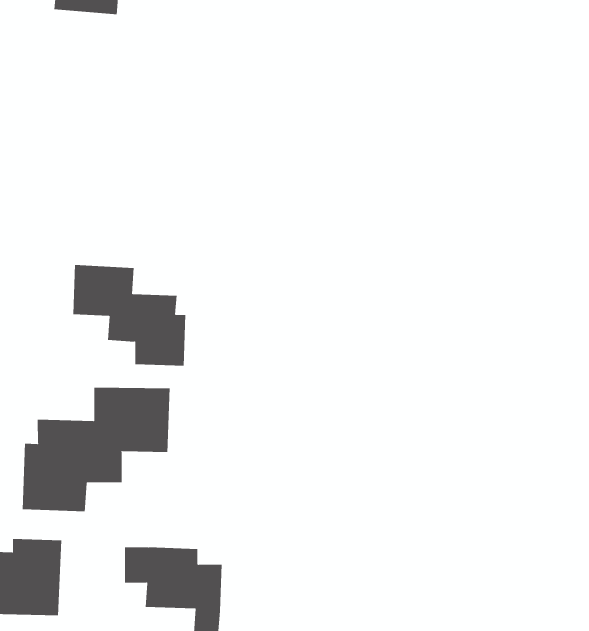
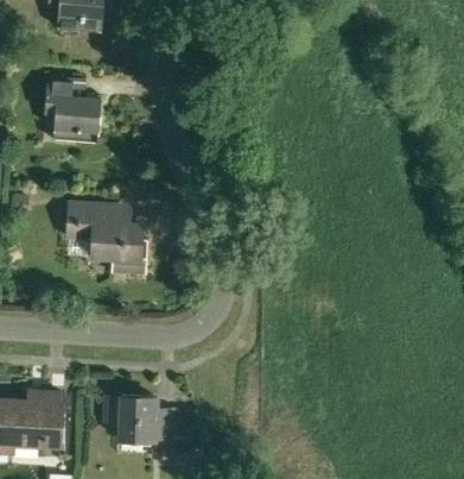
building: none -> [44,74,101,140]
building: [22,387,170,512] -> none

